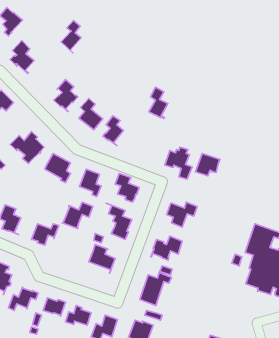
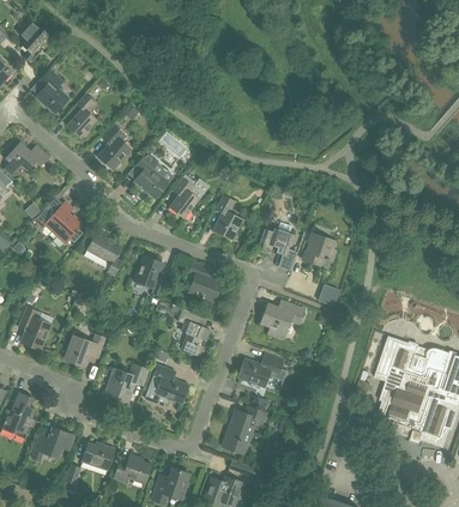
building: [61,21,81,53] -> [67,93,96,140]
building: [149,87,168,118] -> [213,194,241,240]
building: [62,202,93,229] -> [104,363,149,402]

